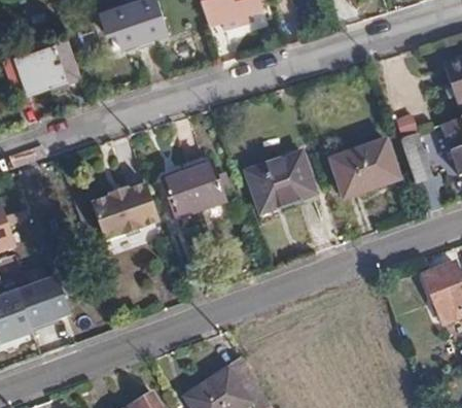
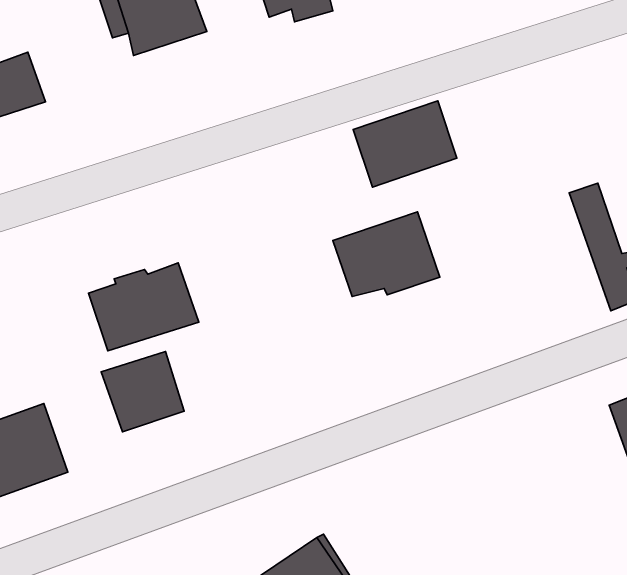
building: [331,140,398,196] -> [353,101,457,187]
building: [164,164,222,218] -> none
building: none -> [101,351,184,432]

